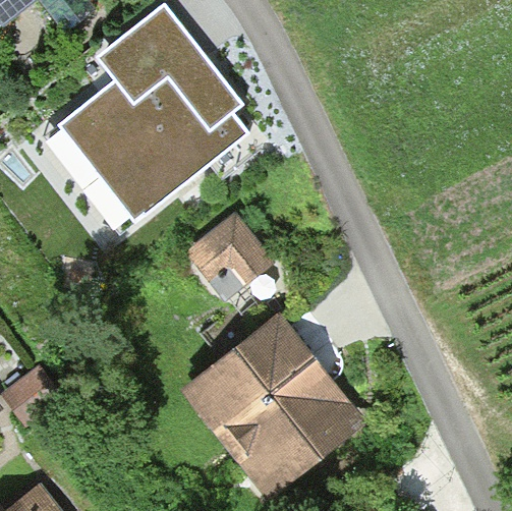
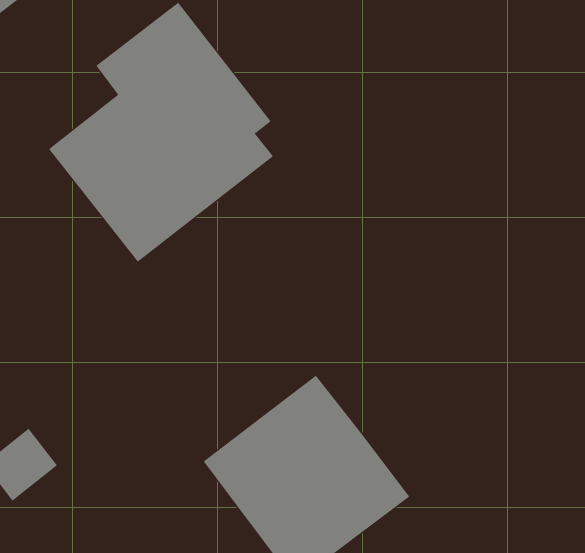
building: [189,212,272,296] -> none

